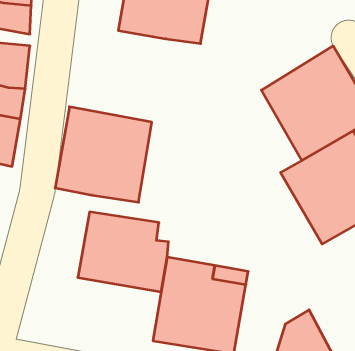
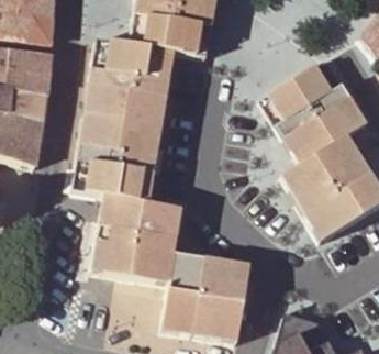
building: none -> [86,37,175,128]
building: none -> [104,195,182,237]

